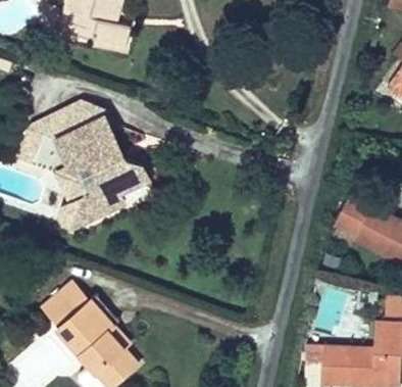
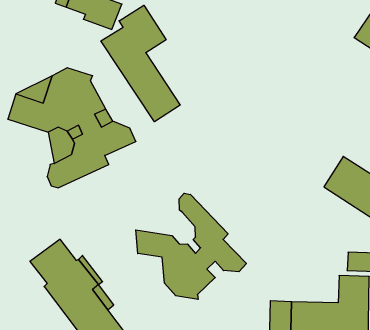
building: none -> [101,5,180,122]
building: none -> [136,193,246,299]

